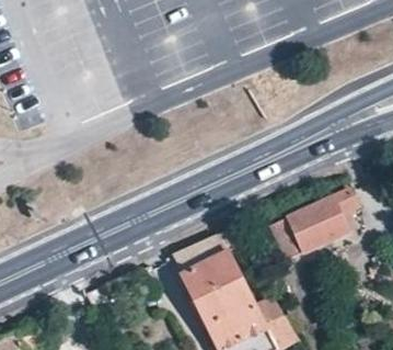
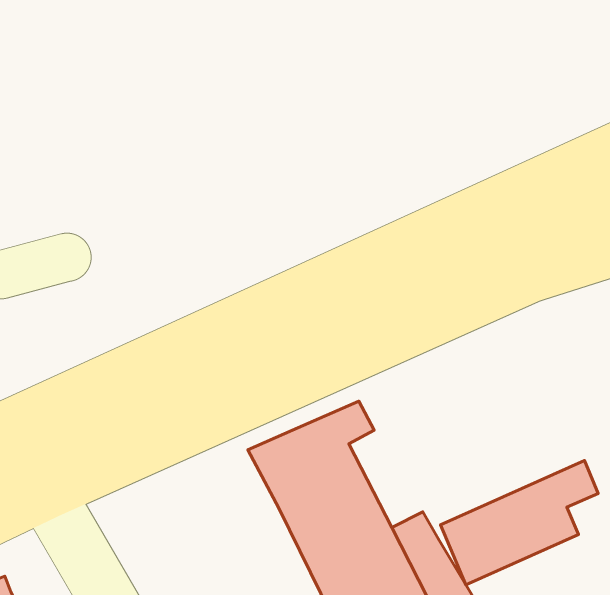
building: [270,190,359,260] -> [441,461,598,585]

